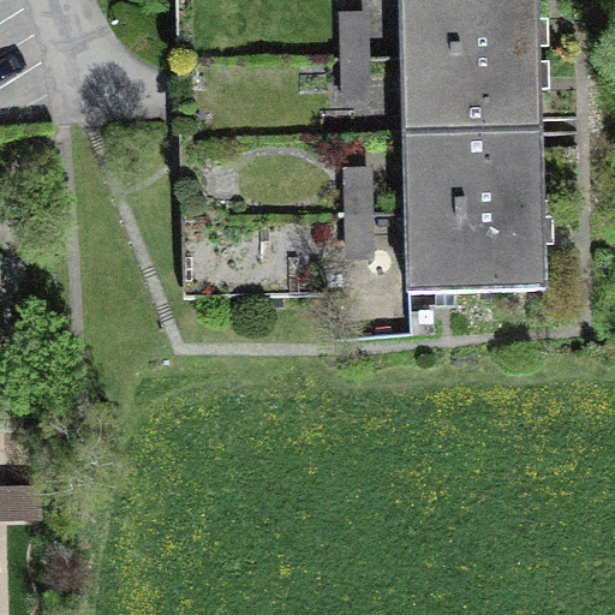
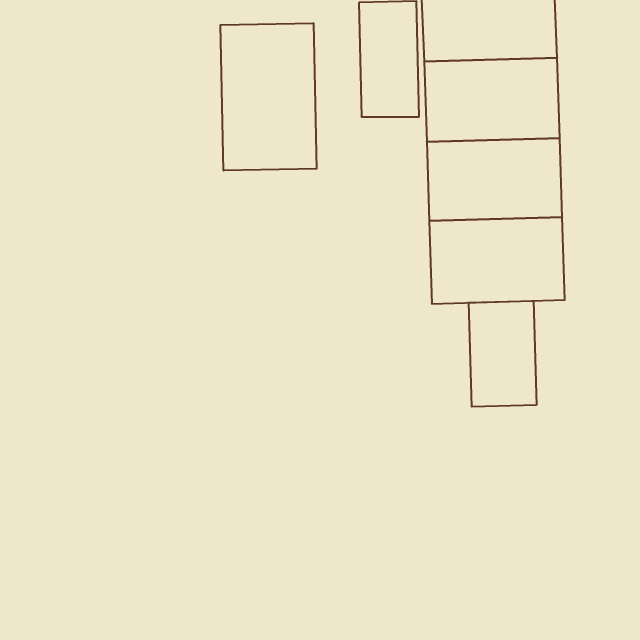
building: none -> [220,23,317,171]
building: none -> [469,301,536,407]

